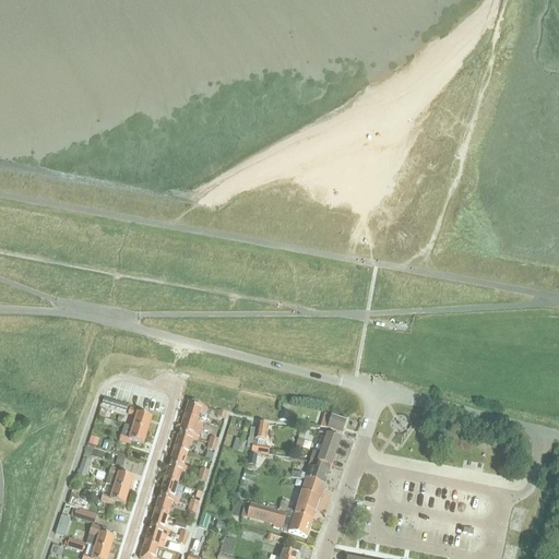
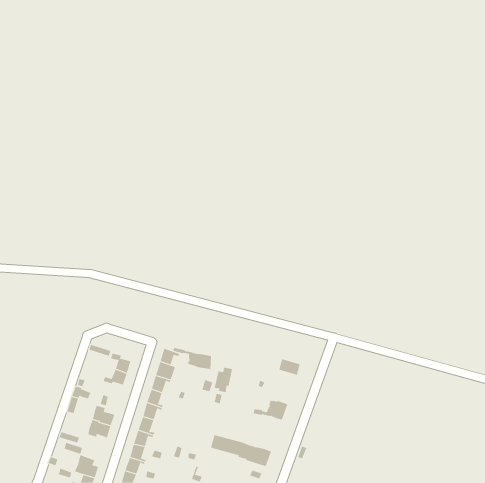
building: none -> [173,347,211,370]
building: [311,430,342,464] -> none
building: [280,477,325,519] -> none

